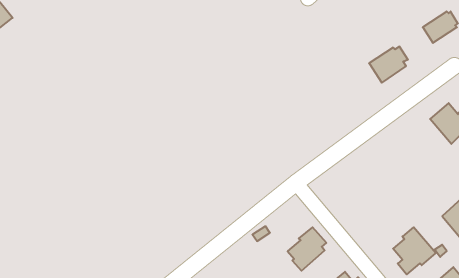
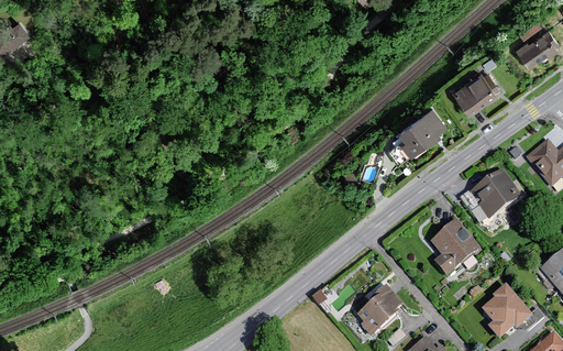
building: none -> [399,107,446,154]
building: none -> [473,169,520,217]
building: none -> [430,220,479,276]

